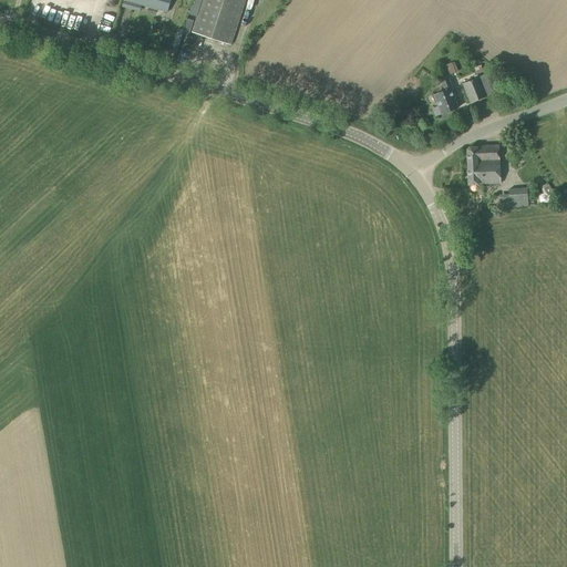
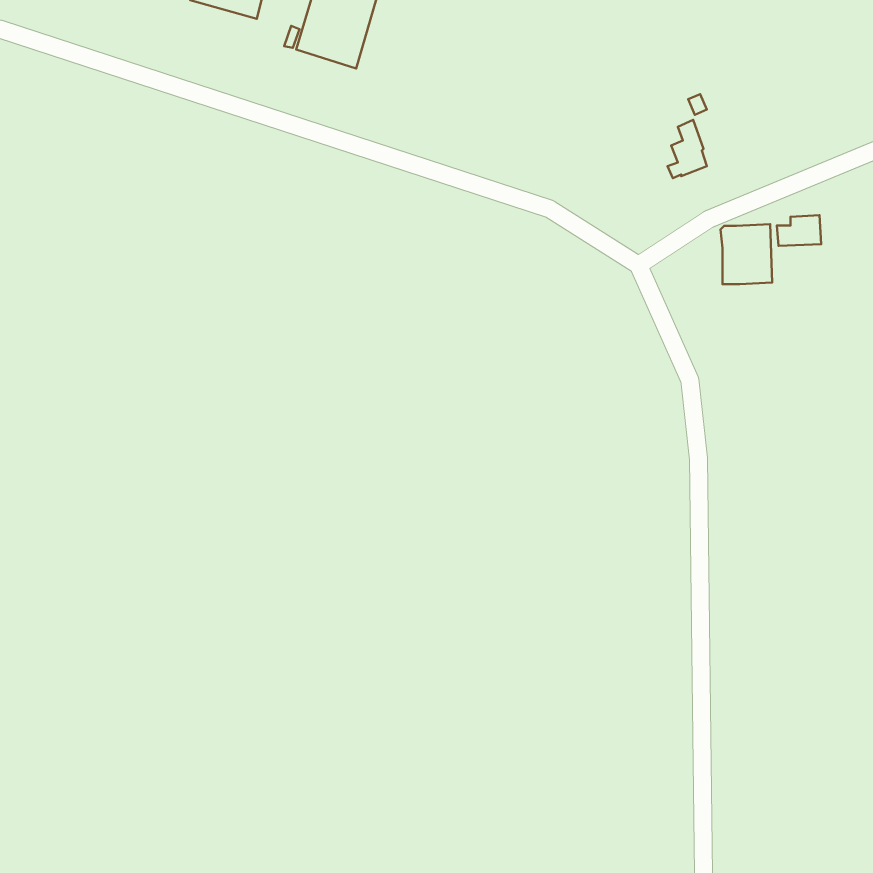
building: [463,64,495,102] -> none
building: [499,187,528,207] -> [777,215,821,246]

